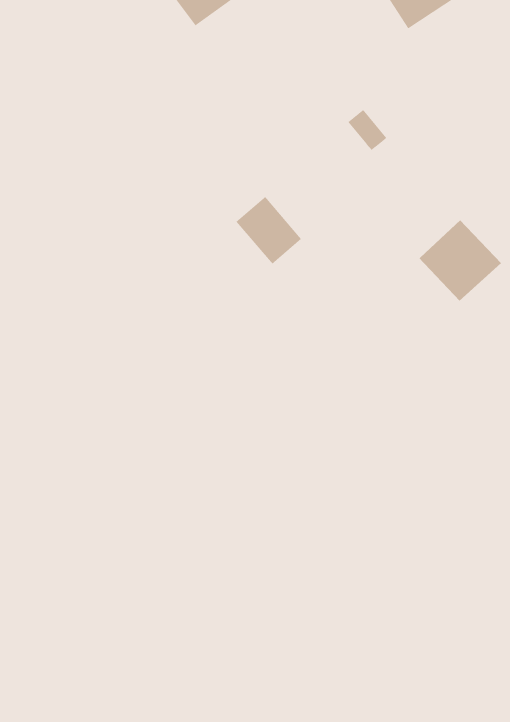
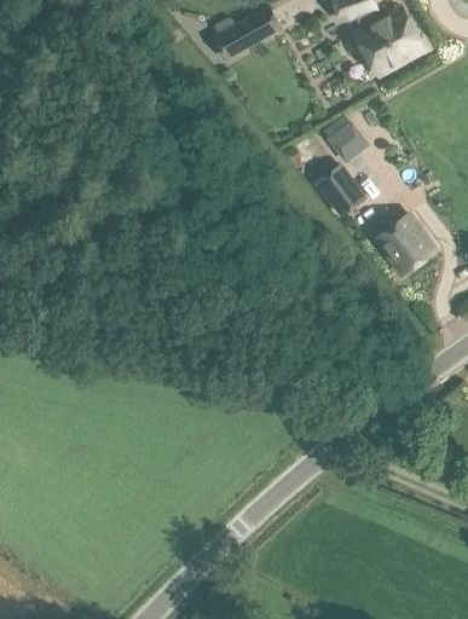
building: [235,196,302,264] -> [319,163,366,213]

